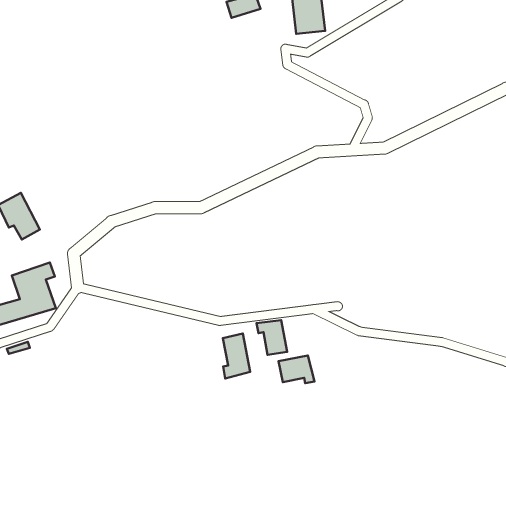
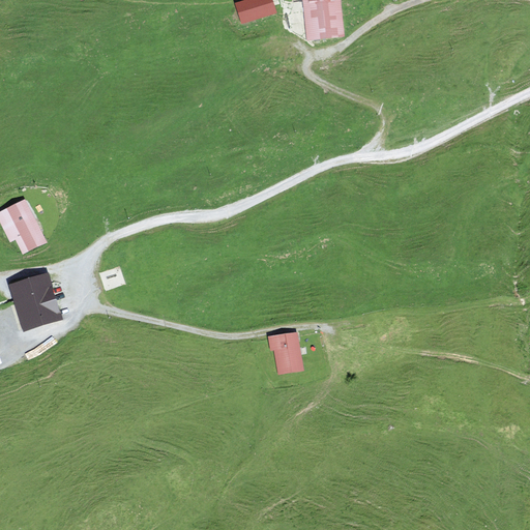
building: [223,333,250,378] -> none
building: [278,356,314,383] -> none

